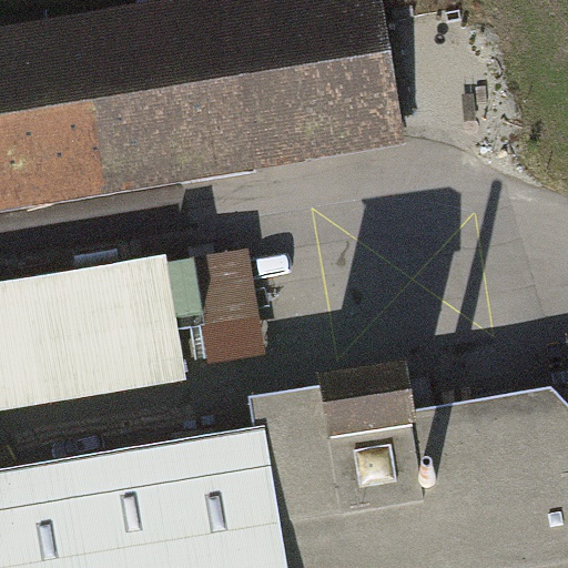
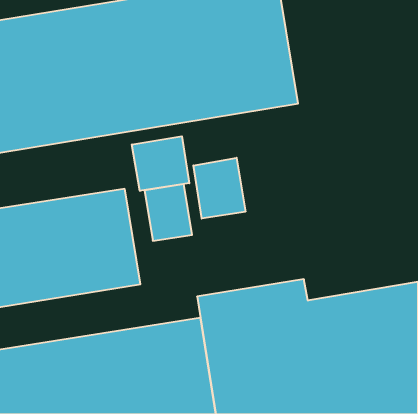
building: none -> [132,136,189,191]
building: none -> [193,158,245,219]

